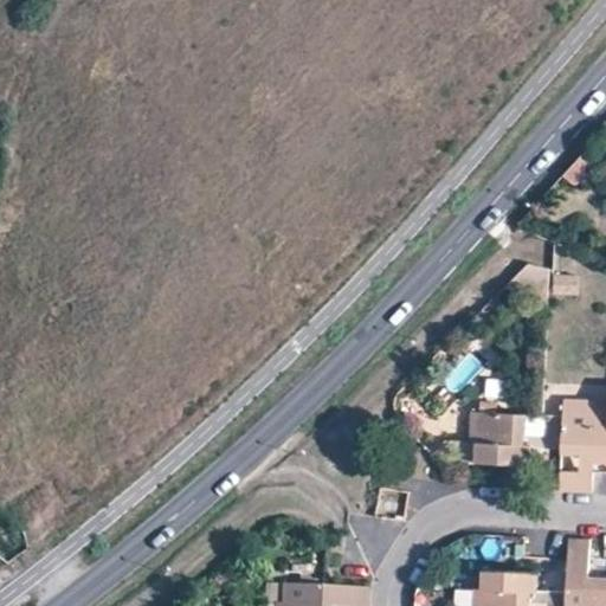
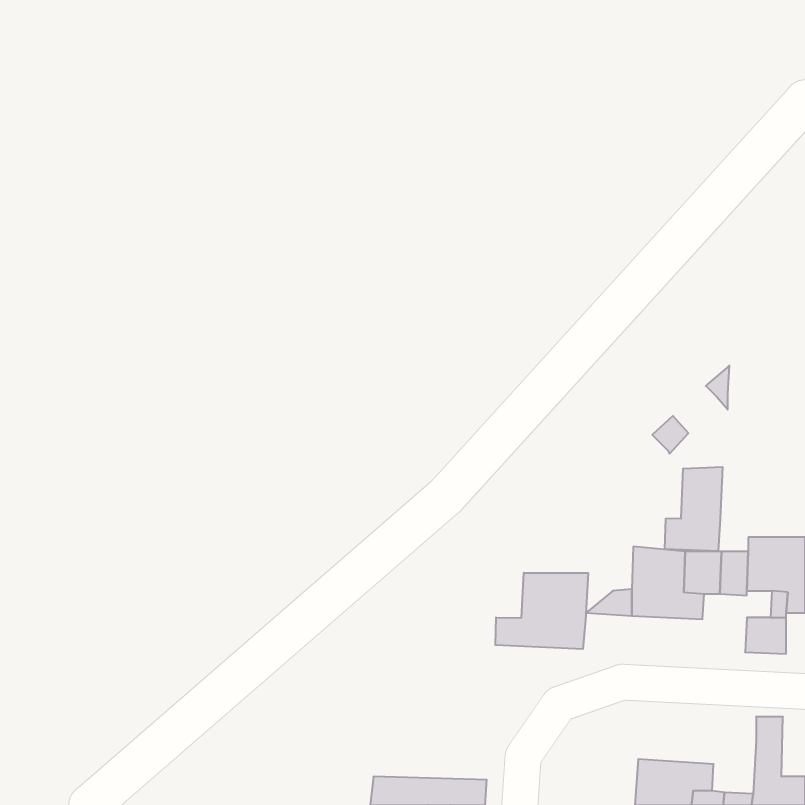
building: none -> [665,467,722,551]
building: none -> [495,573,588,649]

